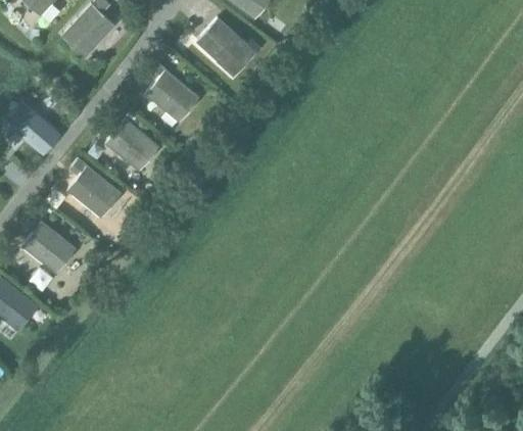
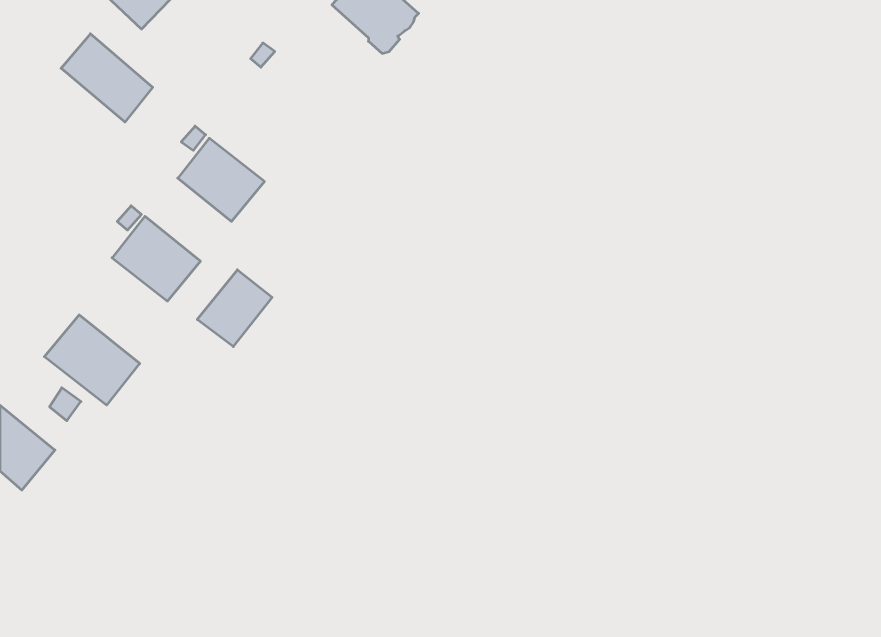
building: [146,71,197,121] -> none
building: [6,103,60,155] -> [61,34,153,122]
building: none -> [197,270,272,347]

